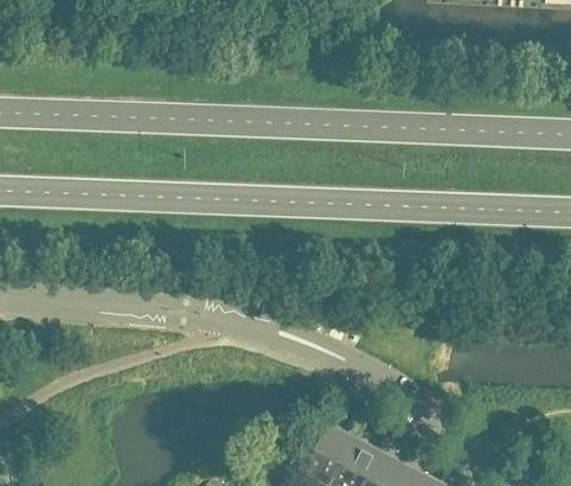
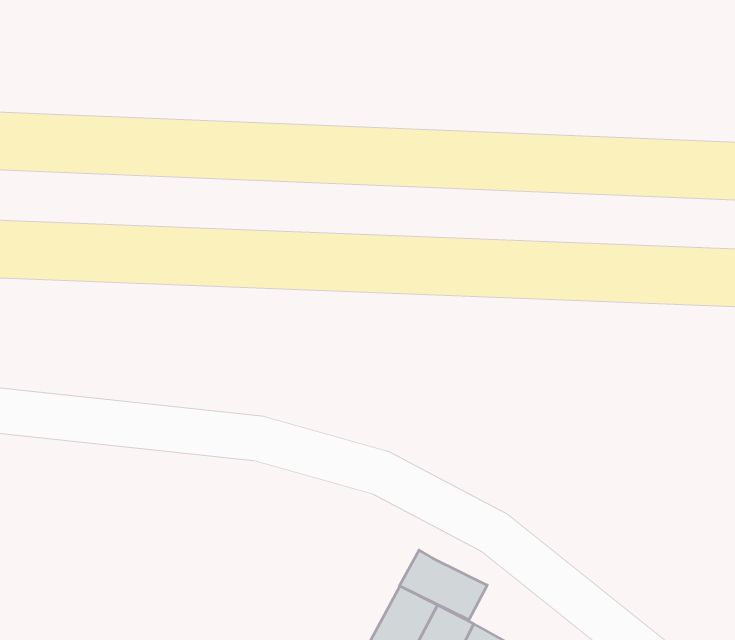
building: none -> [399,550,487,620]

